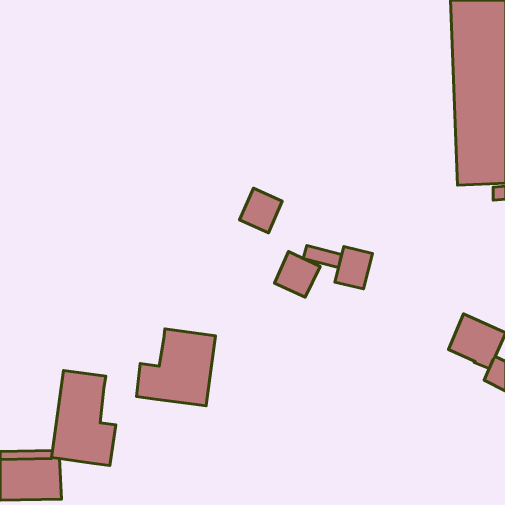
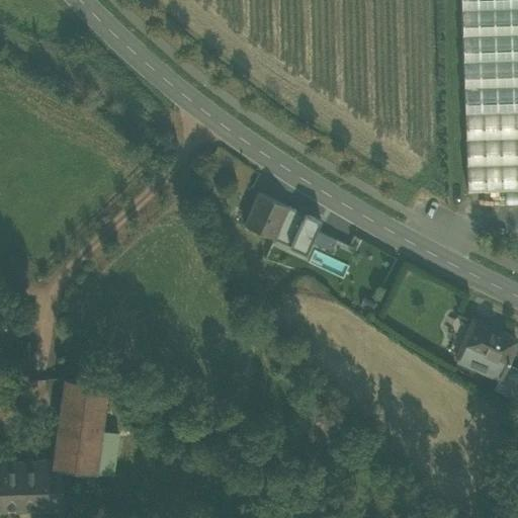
building: [335,247,372,289] -> none
building: [275,252,320,297] -> [275,206,322,253]
building: [136,329,216,406] -> none

